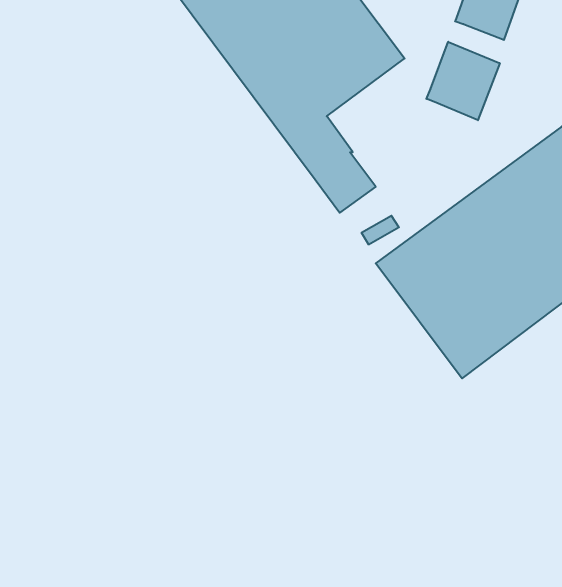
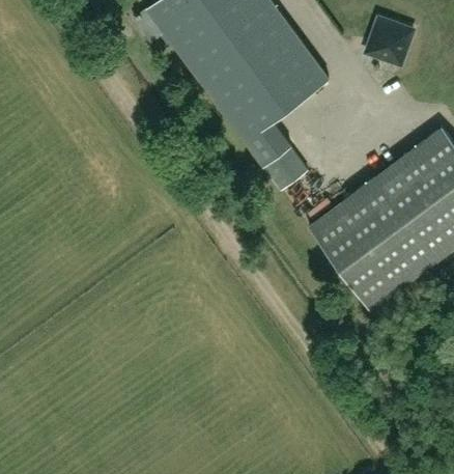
building: [426,42,500,120] -> none

